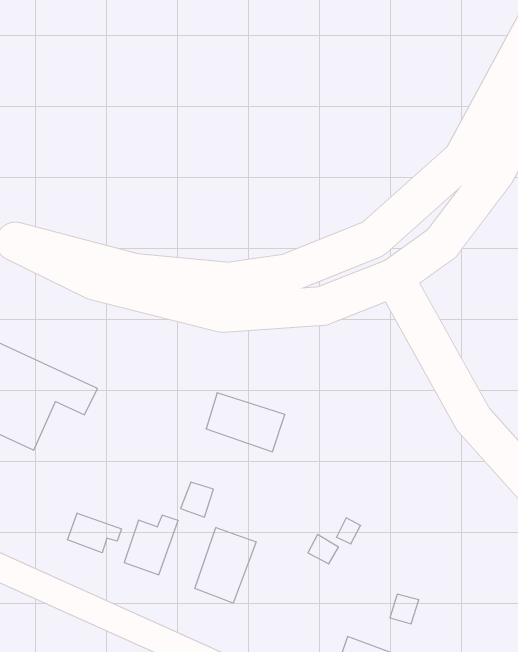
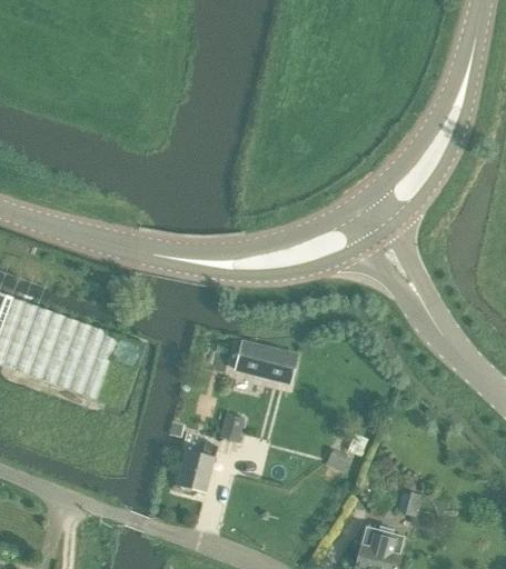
building: [68,513,122,553] -> none
building: [195,527,256,603] -> none

